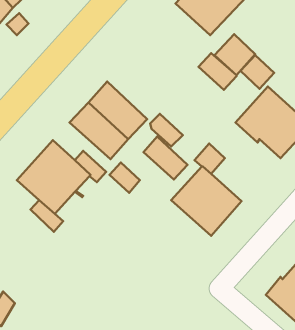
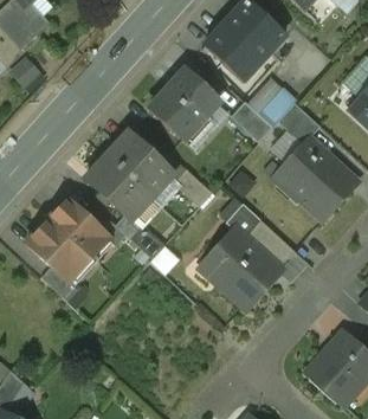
building: none -> [150,70,219,138]
building: [143,137,188,180] -> [245,218,295,266]

